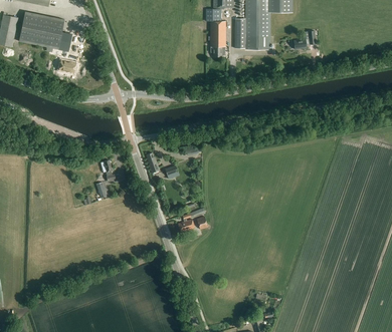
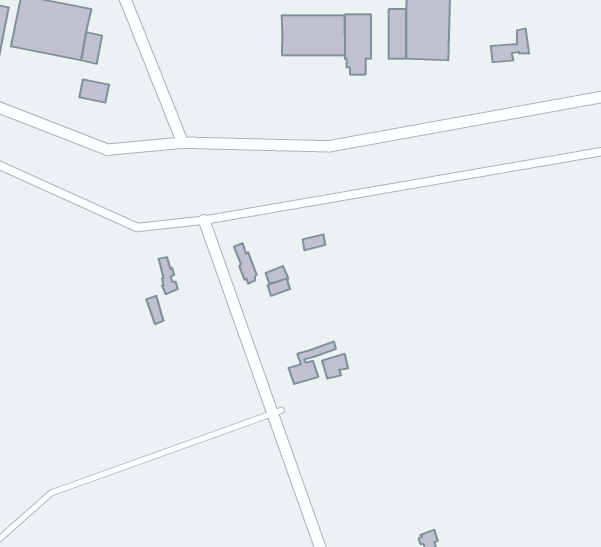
building: none -> [282,15,345,55]

